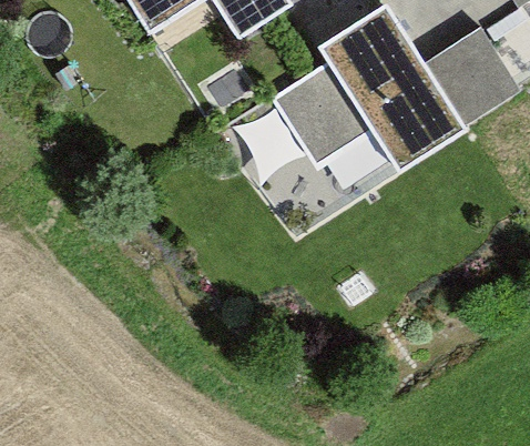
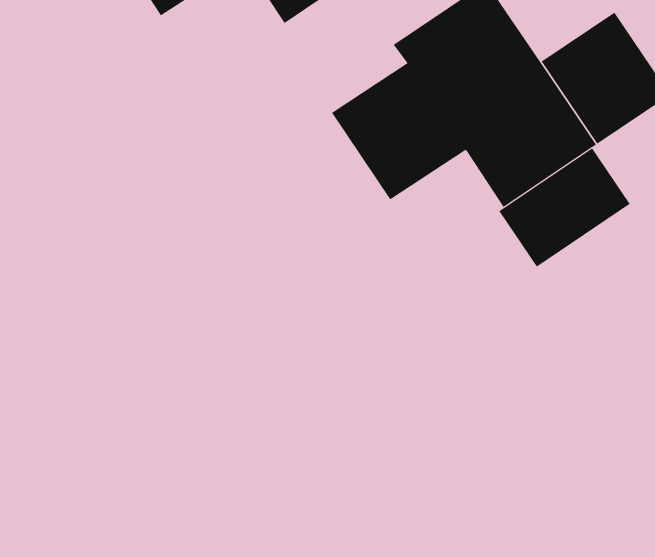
building: none -> [499,148,630,267]

